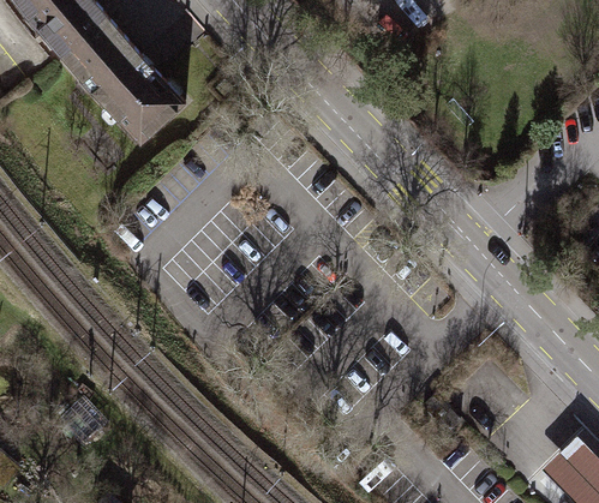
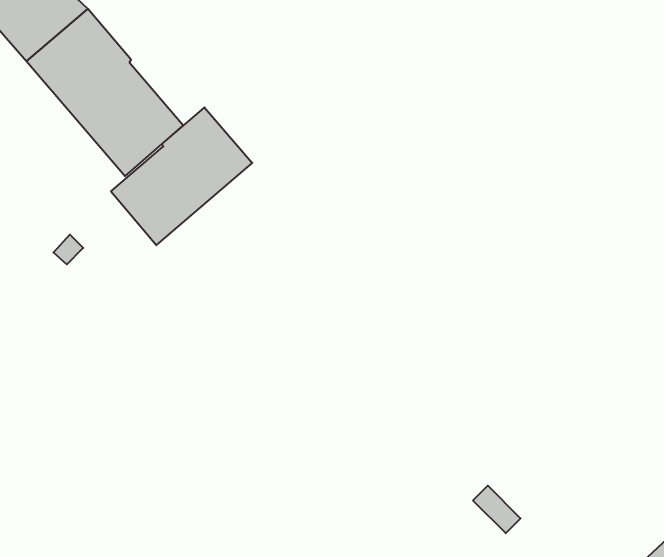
building: none -> [111,107,252,245]

